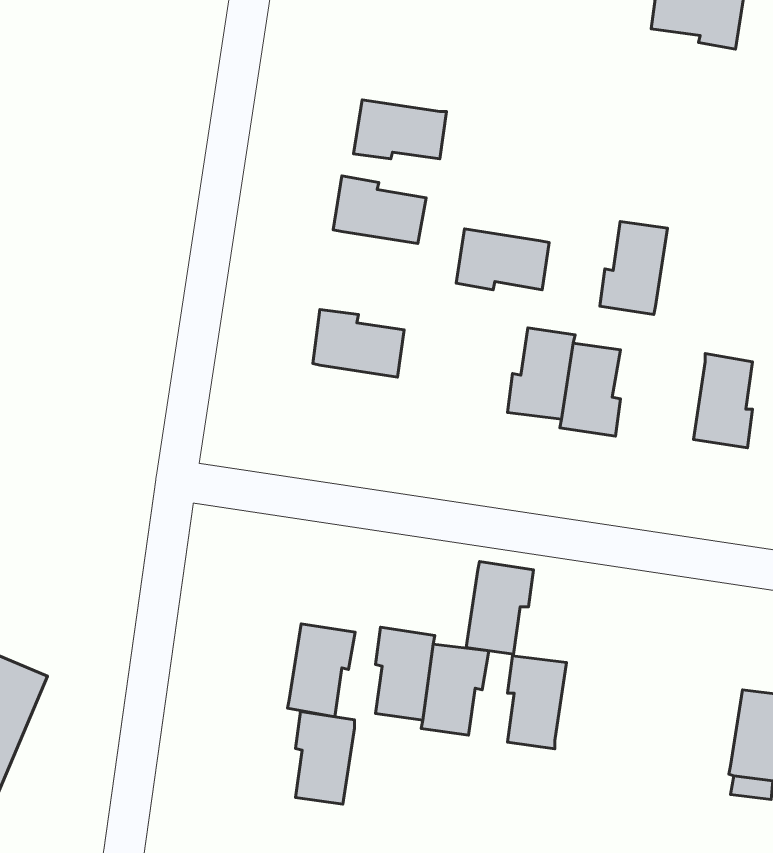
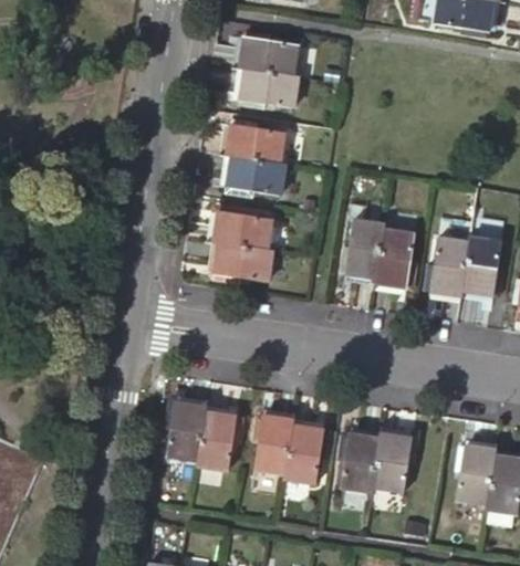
building: none -> [239,32,300,76]
building: [600,222,667,315] -> [425,235,469,296]
building: [456,229,549,290] -> [226,155,287,195]
building: none -> [211,242,273,281]
building: [466,561,534,654] -> [371,431,415,492]
building: none -> [455,443,495,504]
building: [295,711,355,804] -> [166,400,205,461]

